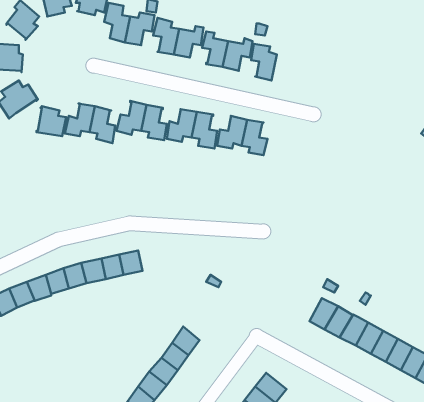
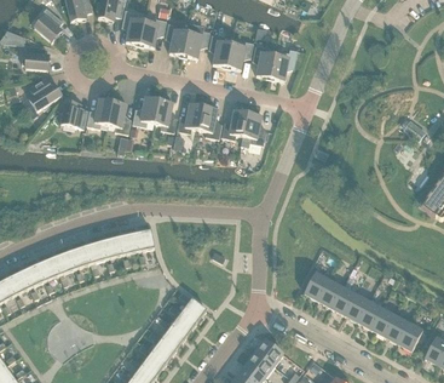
building: none -> [270,47,306,79]

